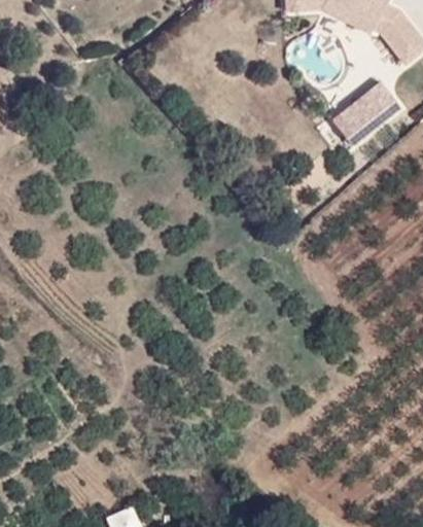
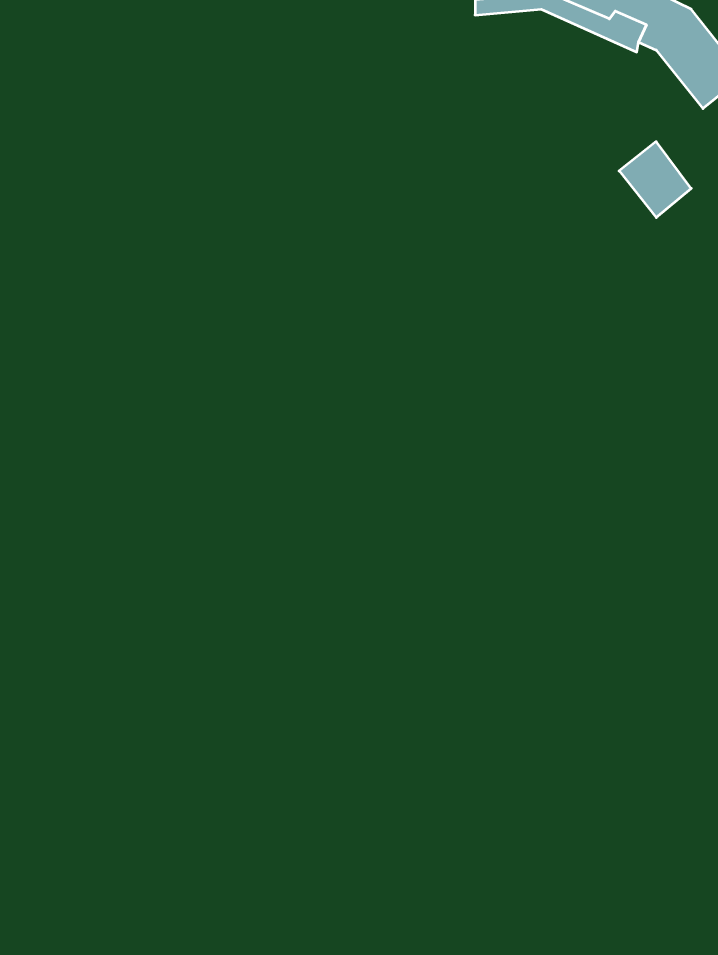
building: [337,95,380,138] -> none

